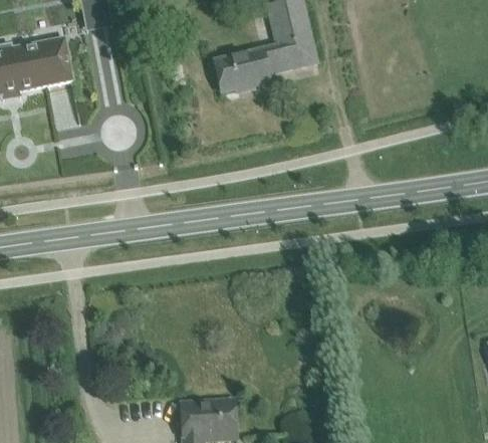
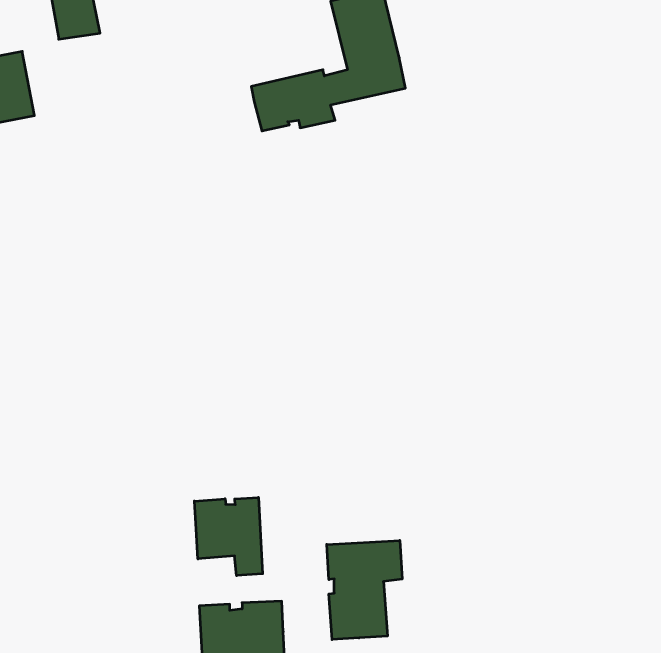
building: none -> [194,497,263,576]
building: none -> [327,540,402,640]

